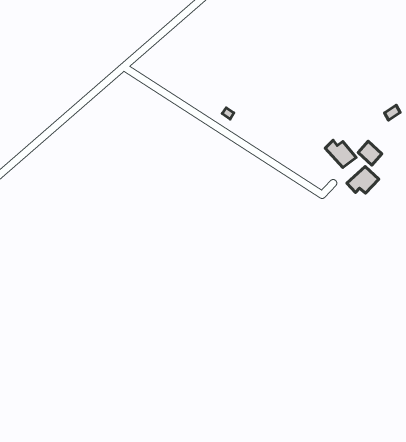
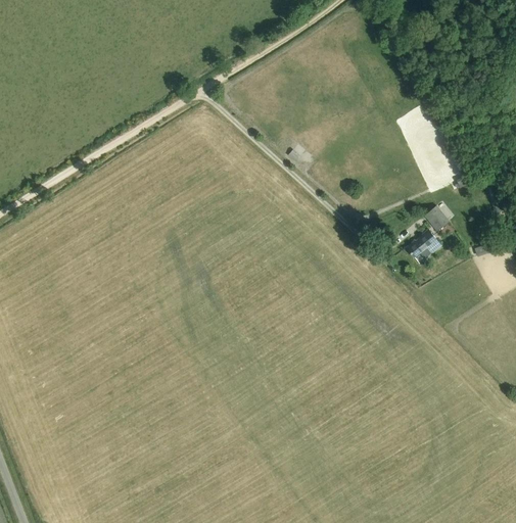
building: [325,140,356,167] -> none

